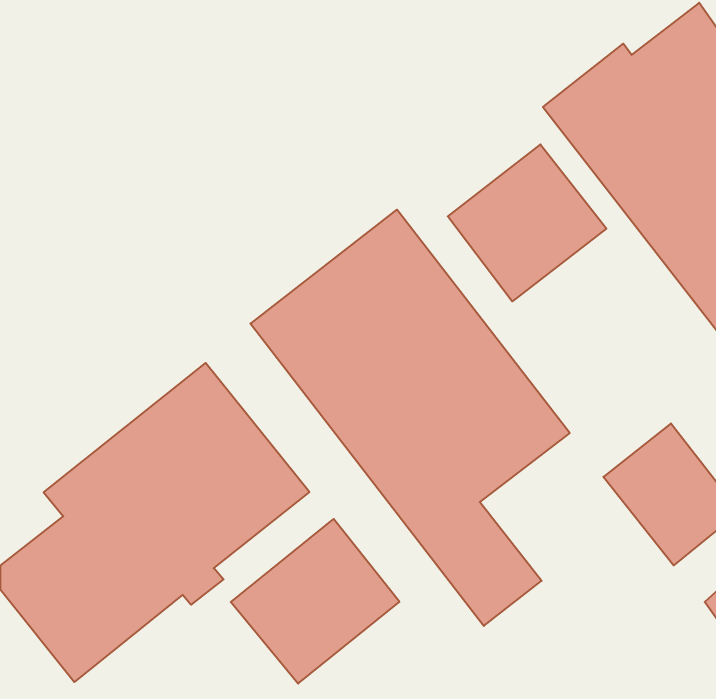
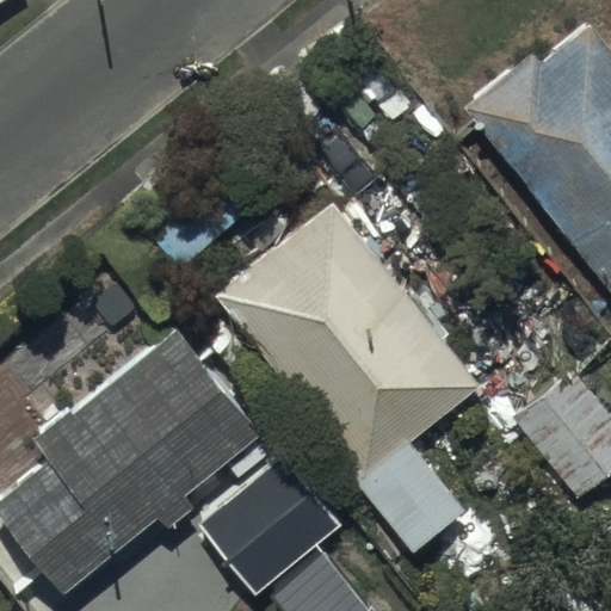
building: [448,144,606,301] -> none

